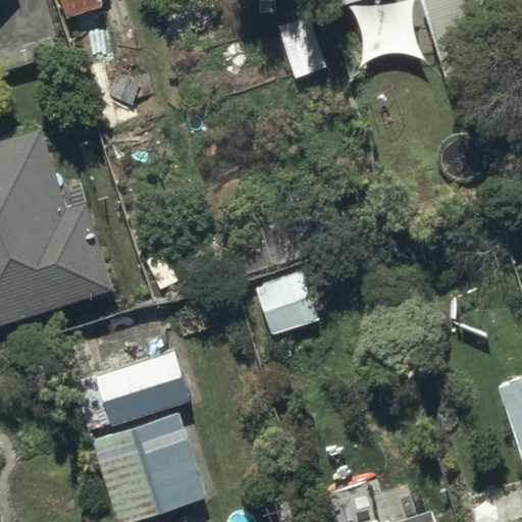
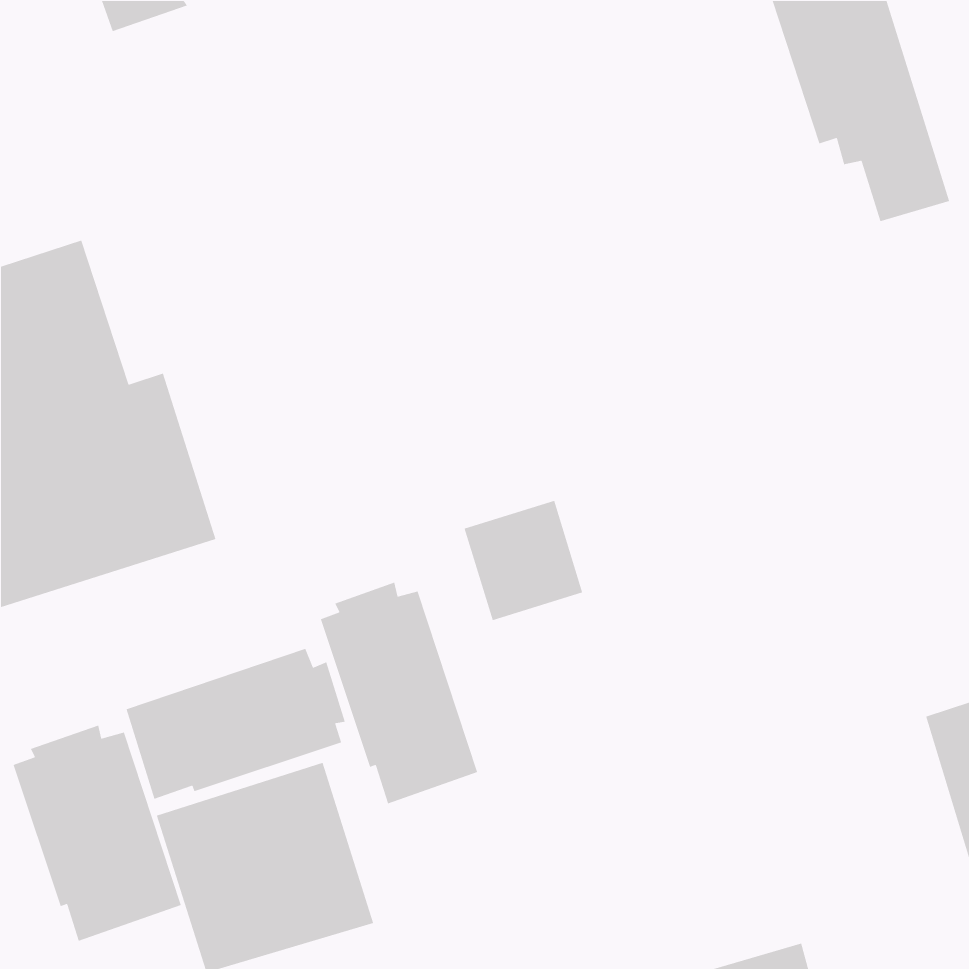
building: none -> [320,582,478,805]
building: none -> [13,724,182,942]

